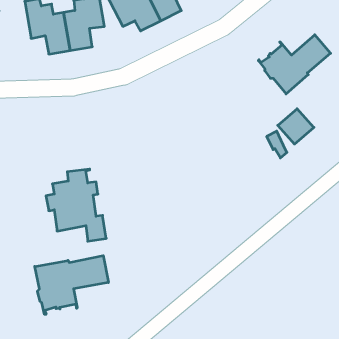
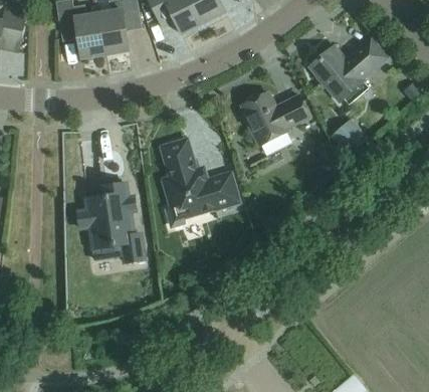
building: none -> [242,93,310,147]
building: none -> [161,139,241,227]
building: [35,256,108,314] -> none

